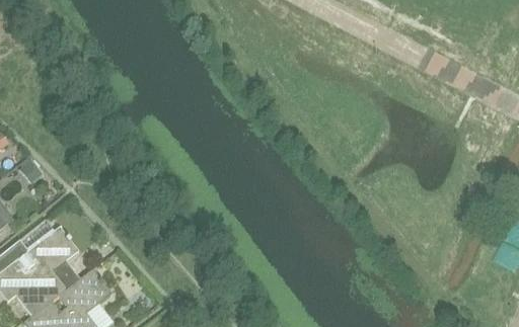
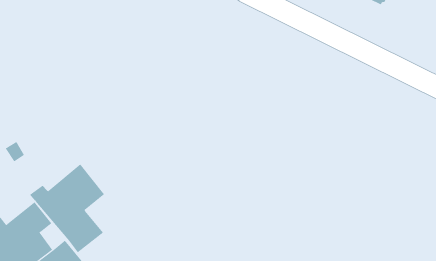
building: none -> [29,164,105,253]

